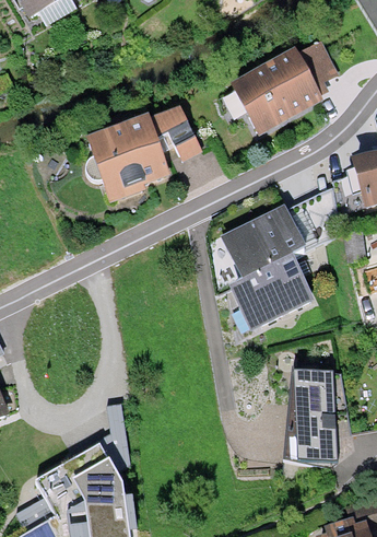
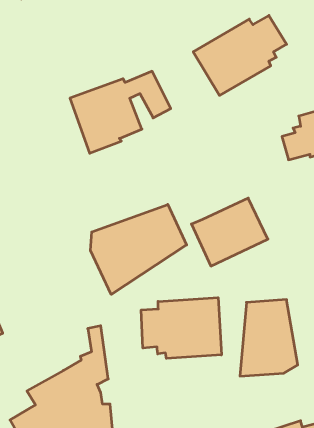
building: [221,187,338,279] -> none
building: none -> [90,204,187,294]
building: none -> [141,298,221,358]

